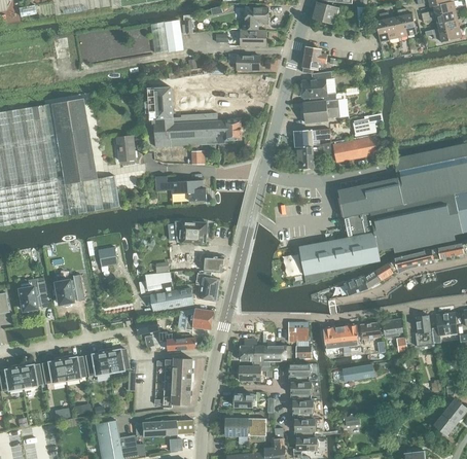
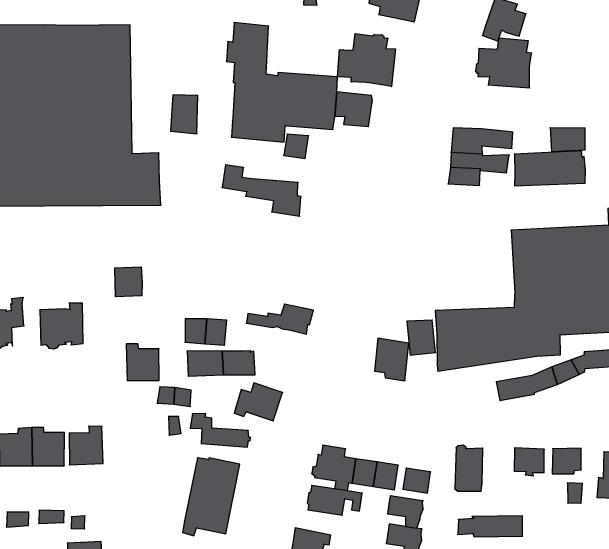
building: none -> [338,34,395,87]
building: [302,100,339,122] -> none
building: [168,221,206,244] -> none
building: [197,271,219,302] -> none
building: [287,322,308,346] -> [375,338,409,381]
building: [340,323,359,353] -> none
building: [104,348,128,372] -> [126,344,159,381]

